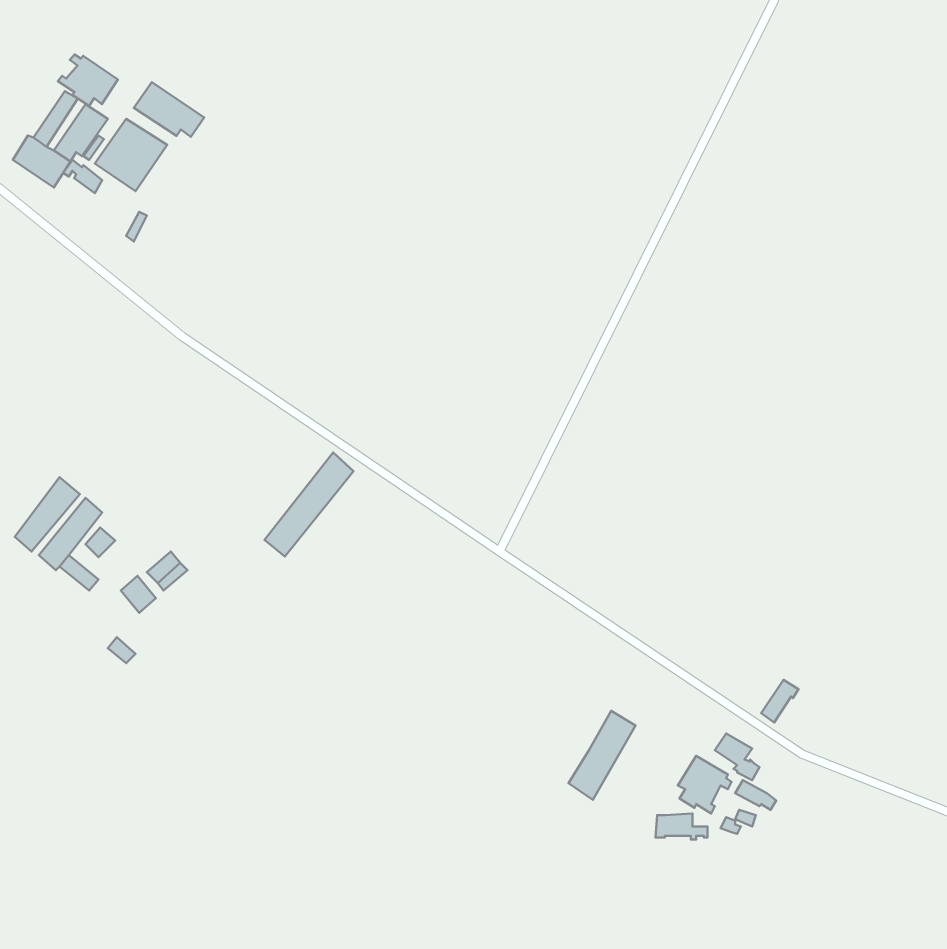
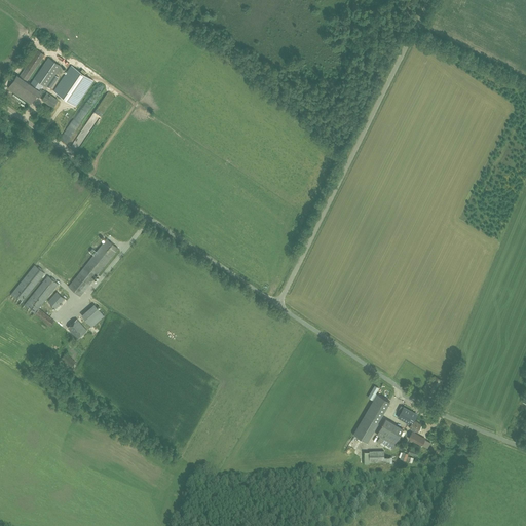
building: [58,54,118,106] -> none
building: [134,82,204,137] -> none
building: [264,453,354,557] -> [68,238,117,296]
building: [569,711,635,800] -> [352,393,389,443]

